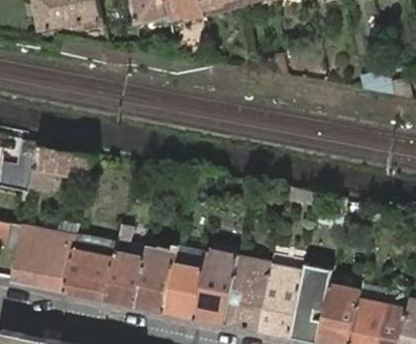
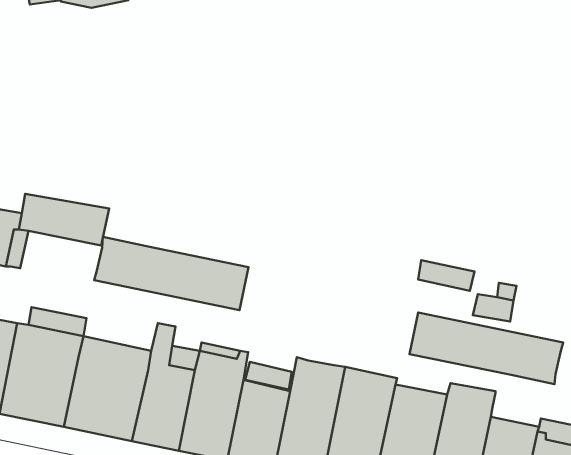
building: none -> [94,237,249,310]
building: none -> [410,313,563,384]

